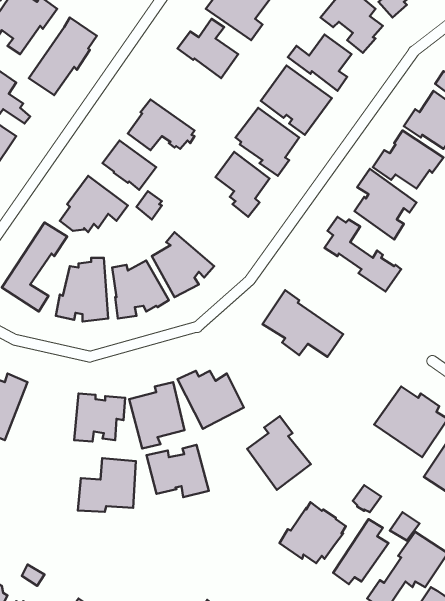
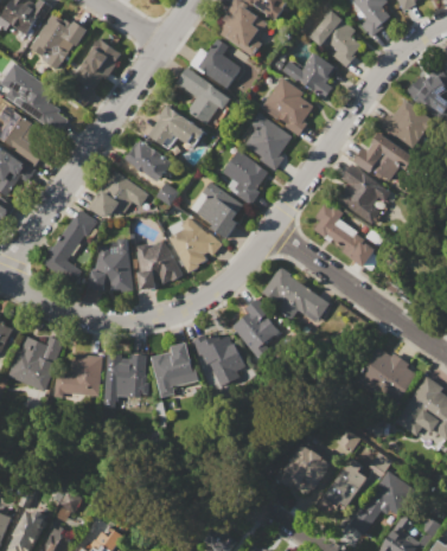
building: none -> [174,65,231,129]
building: none -> [196,181,242,238]
building: [247,416,311,490] -> [231,297,285,359]
building: [147,445,209,497] -> none
building: [78,458,136,512] -> [53,353,102,398]

